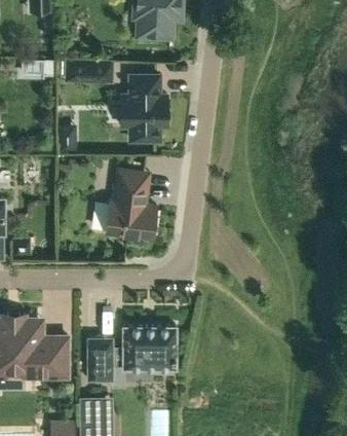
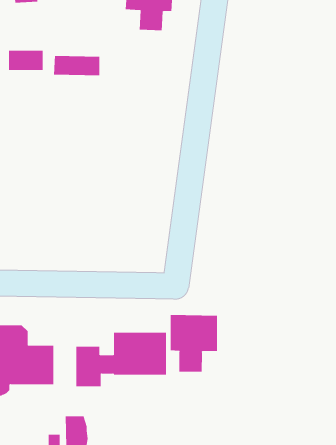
building: [122,76,167,141] -> none
building: [106,170,157,240] -> none
building: none -> [170,314,217,373]

